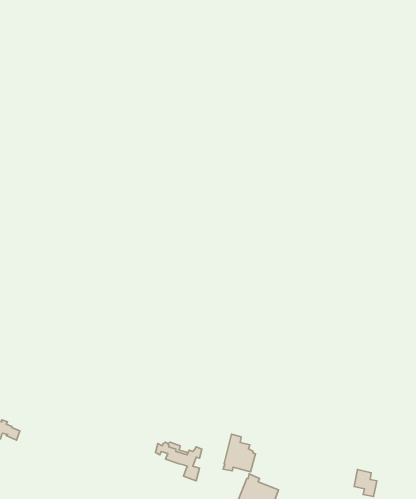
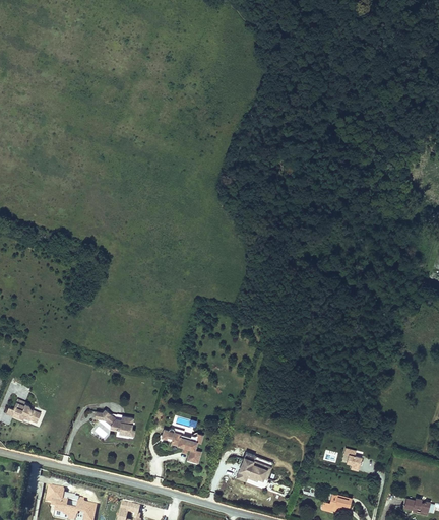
building: none -> [102,408,133,436]
building: [223,434,256,472] -> none

